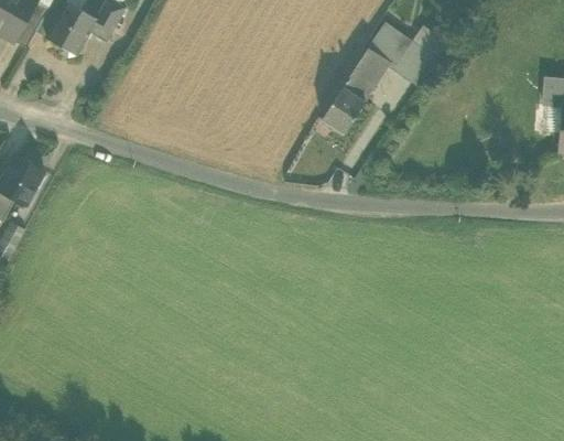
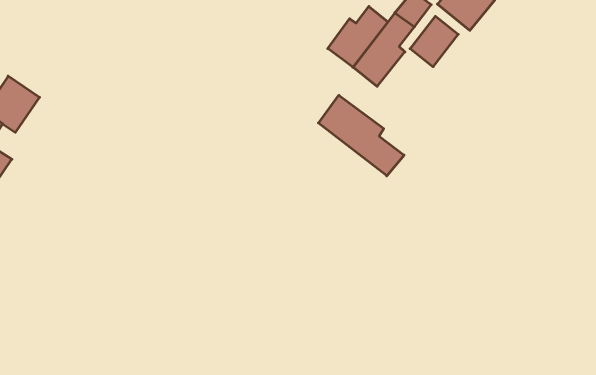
building: none -> [328,6,388,67]
building: none -> [318,95,404,176]

